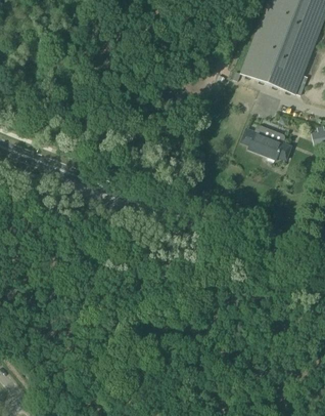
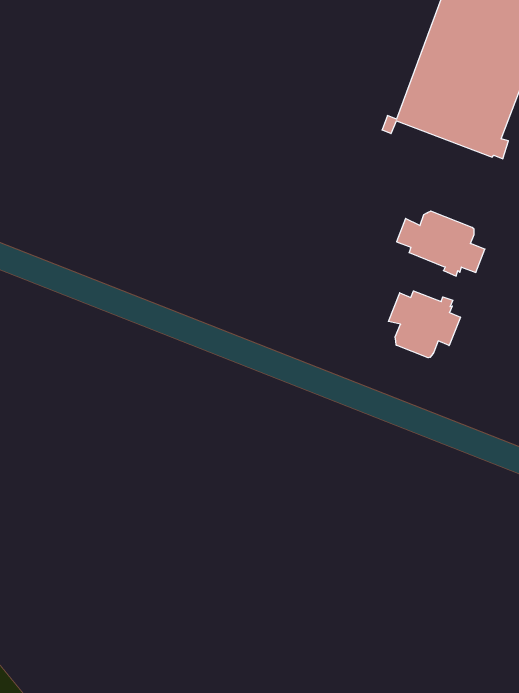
building: none -> [388,291,460,358]

